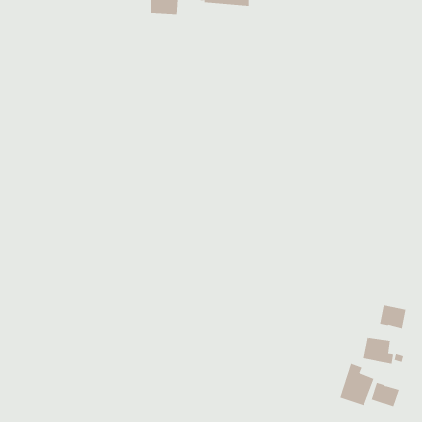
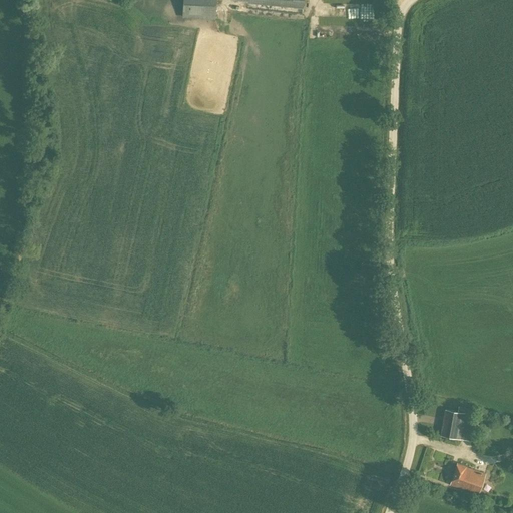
building: [380,305,406,329] -> none
building: [339,363,374,406] -> none

